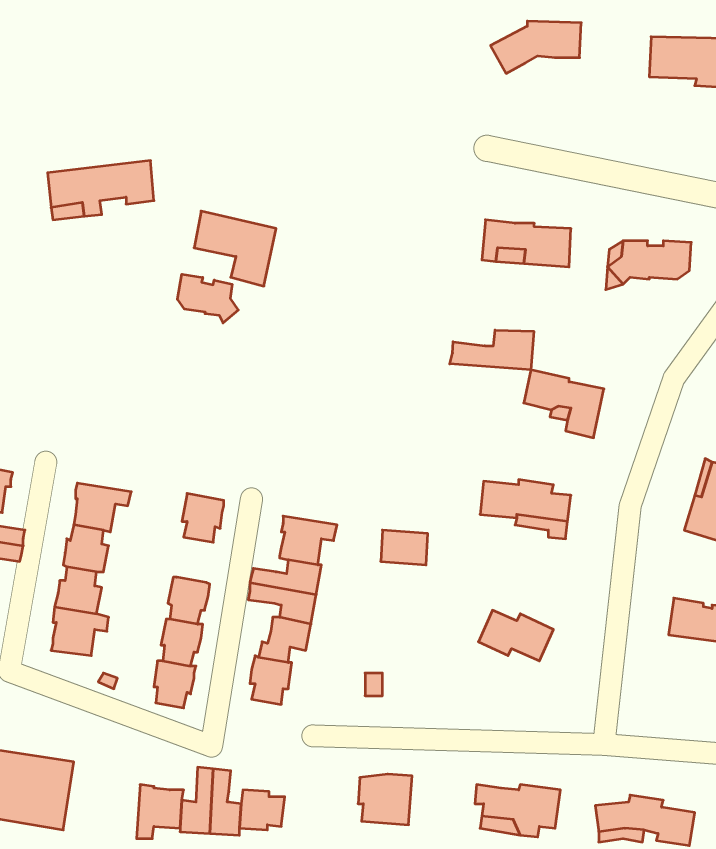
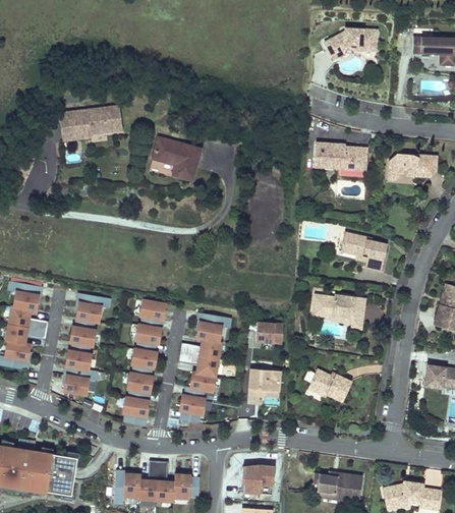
building: [177,274,238,323] -> none
building: [450,330,534,370] -> none
building: none -> [136,327,161,354]
building: none -> [250,369,282,392]

